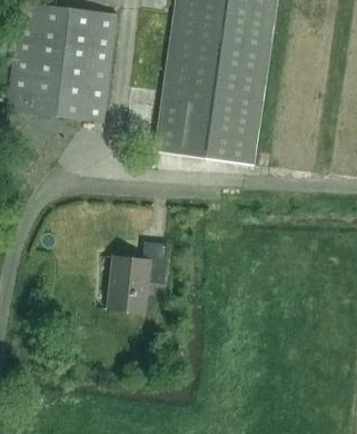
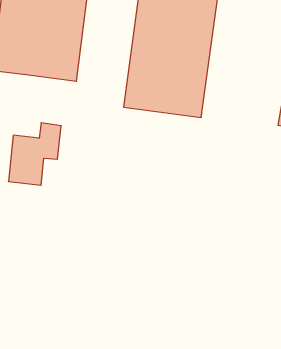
building: [107,243,168,315] -> [8,123,61,185]

